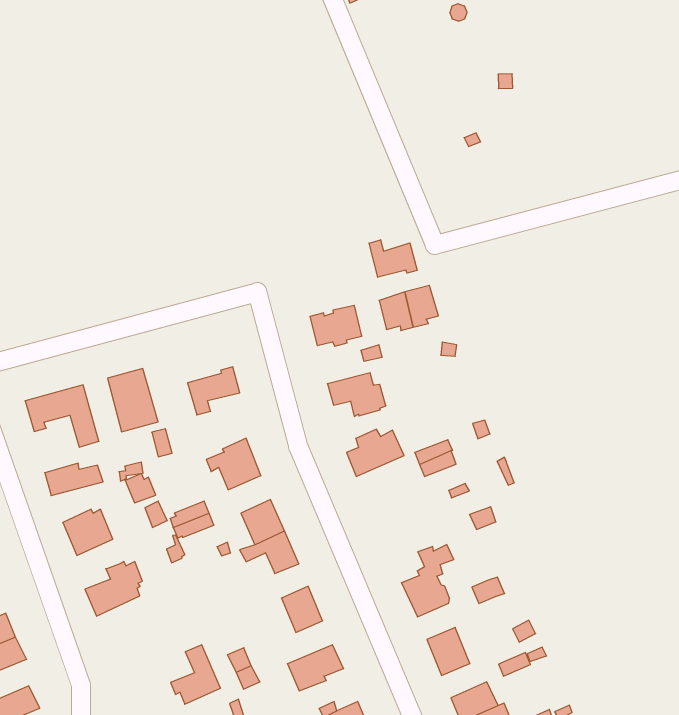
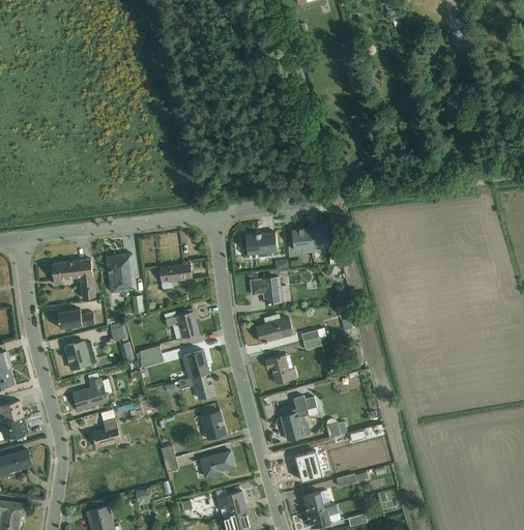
building: [369,240,417,277] -> none
building: none -> [265,355,296,384]
building: [171,645,221,704] -> [88,411,120,448]

